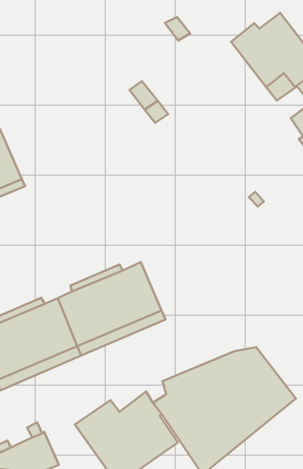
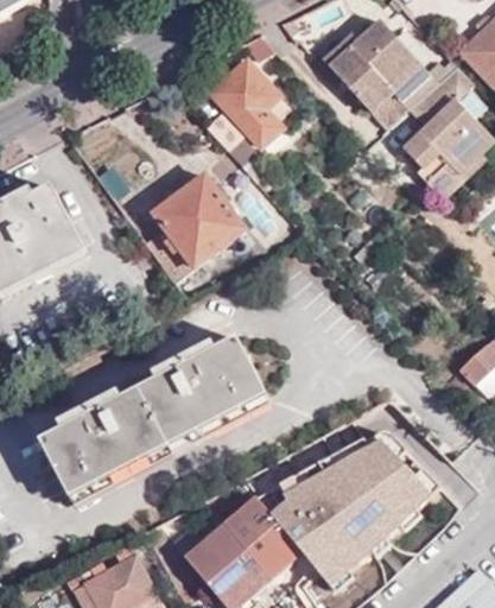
building: none -> [209,62,283,150]
building: none -> [146,177,246,283]

